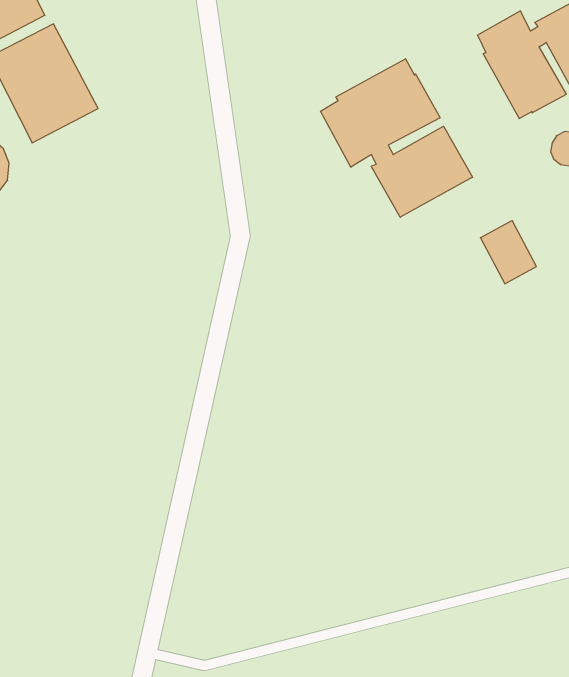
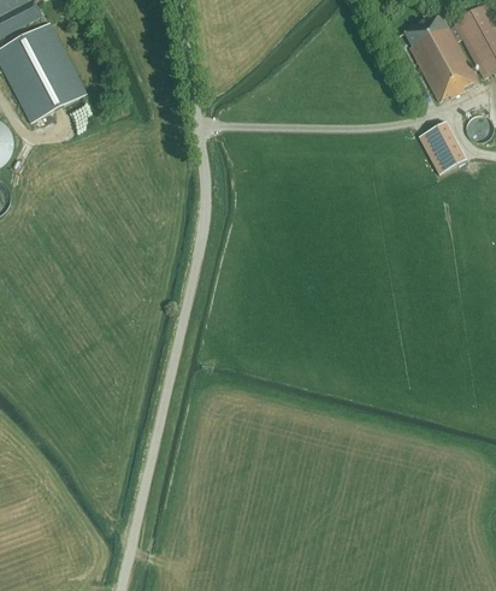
building: [321,59,473,217] -> none
building: [480,221,536,284] -> [418,120,465,173]

